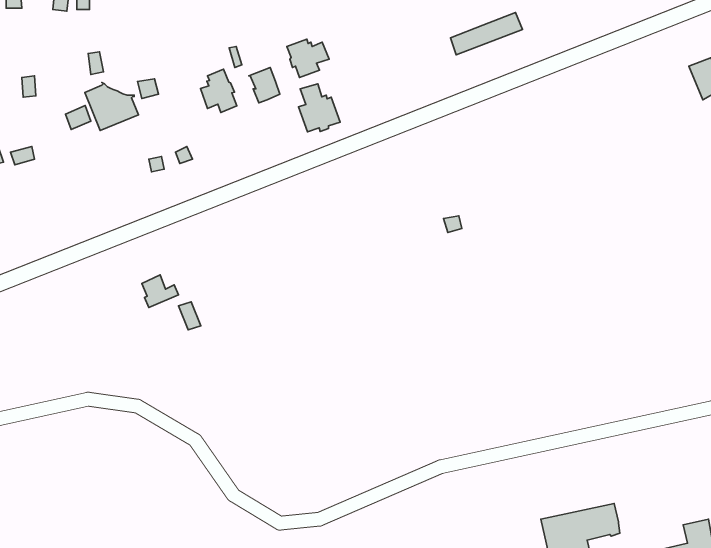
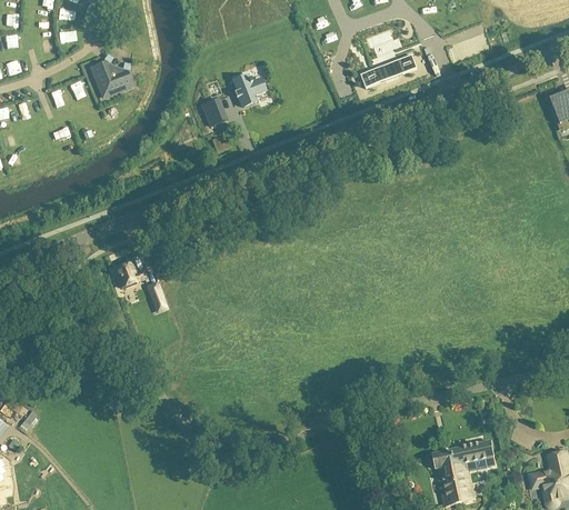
building: [200,69,237,112] -> none
building: [85,82,138,130] -> [90,58,132,96]
building: [299,84,340,132] -> none

